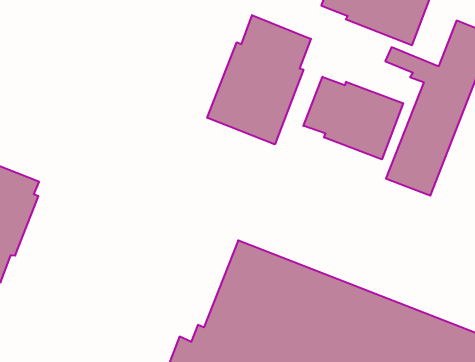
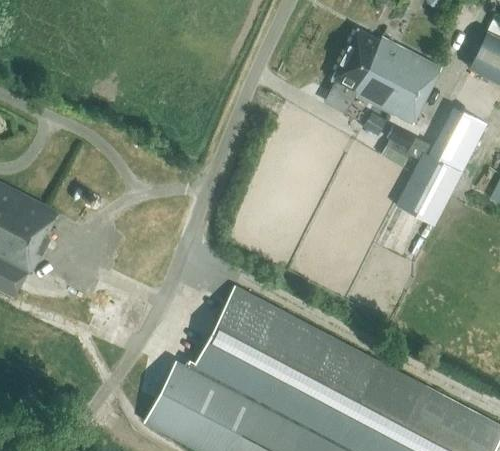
building: [207,15,311,144] -> none
building: [303,77,403,159] -> none

